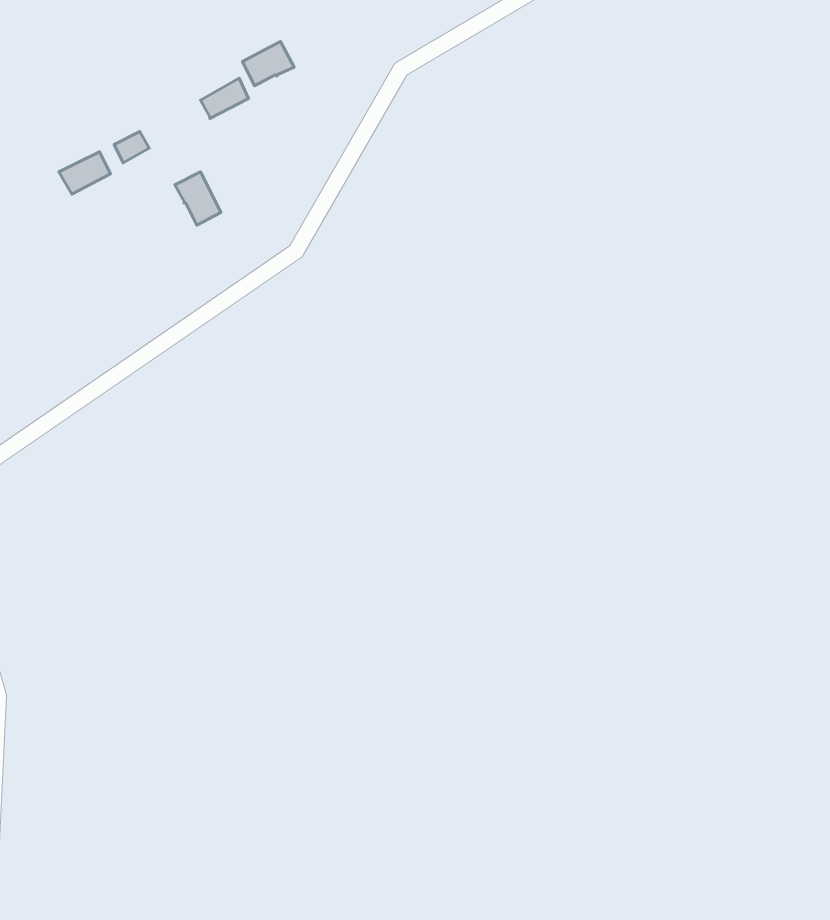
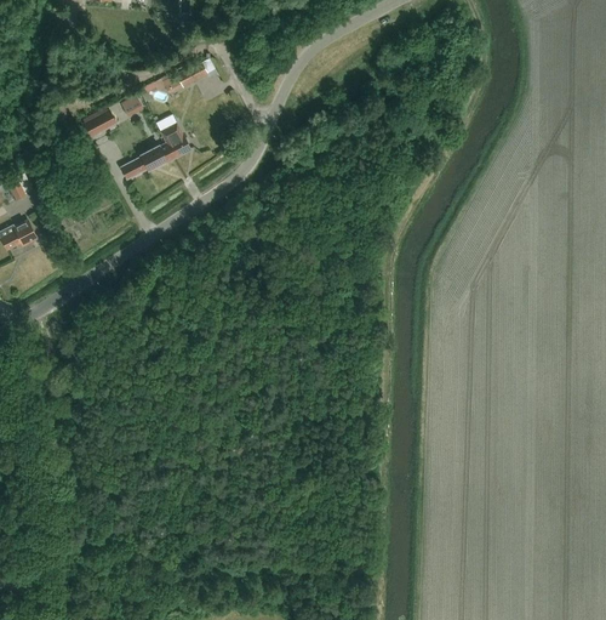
building: [242,41,294,86] -> none
building: none -> [121,143,173,180]

